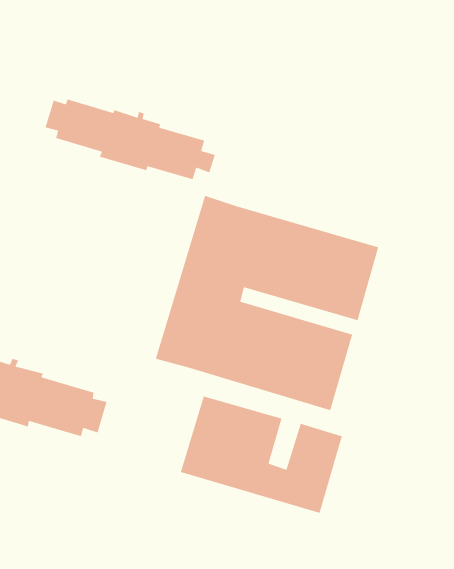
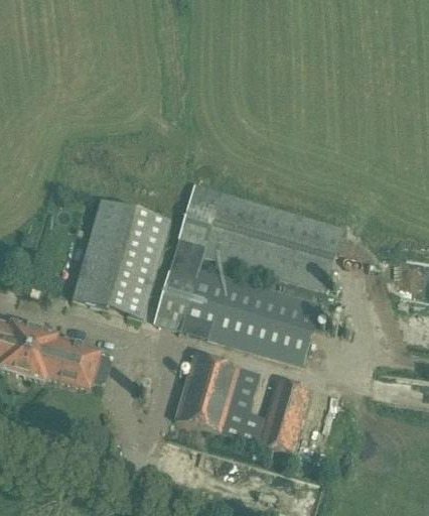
building: [45,99,216,180] -> none
building: none -> [73,200,170,318]

